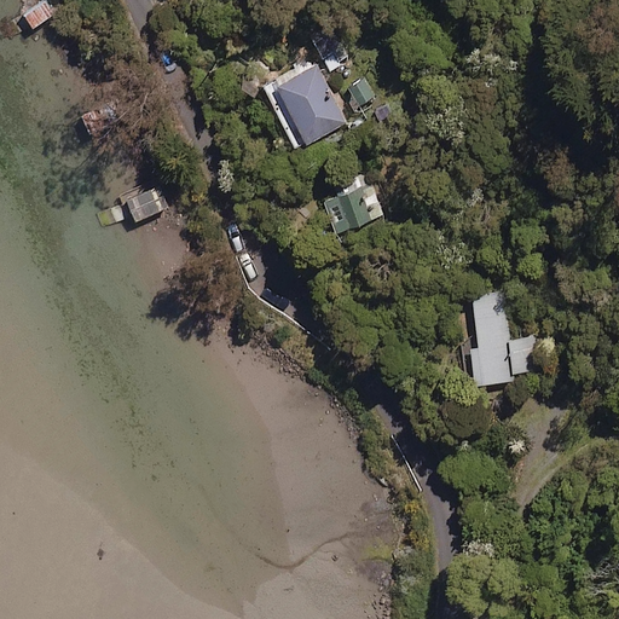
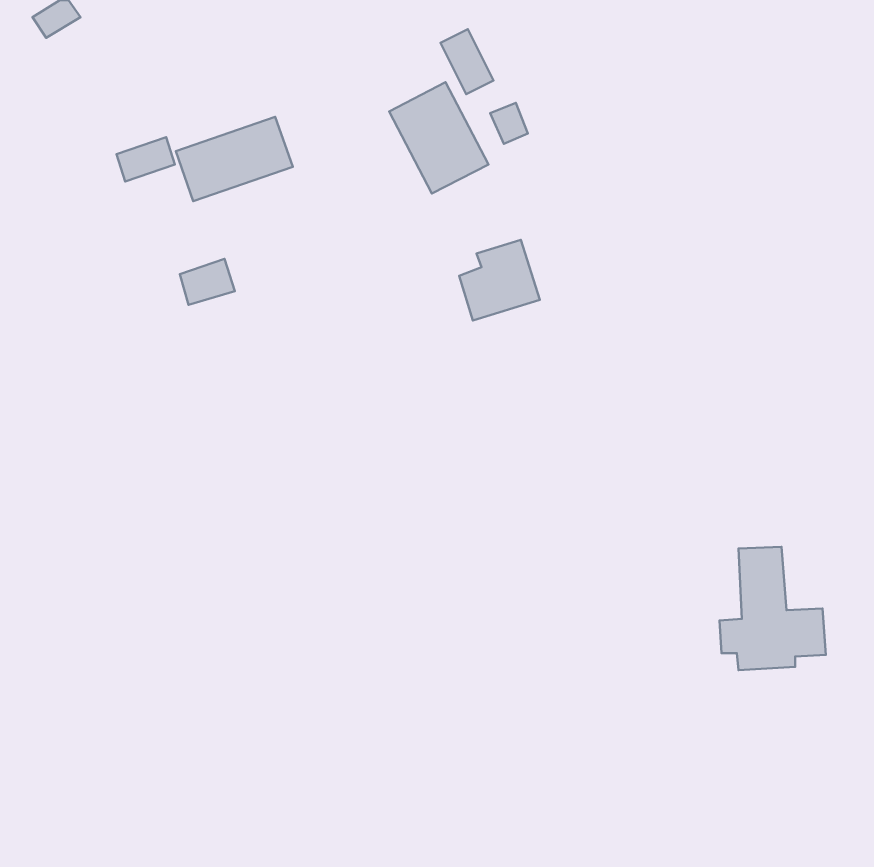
building: none -> [176,117,293,201]
building: [461,295,536,382] -> [720,547,826,670]

